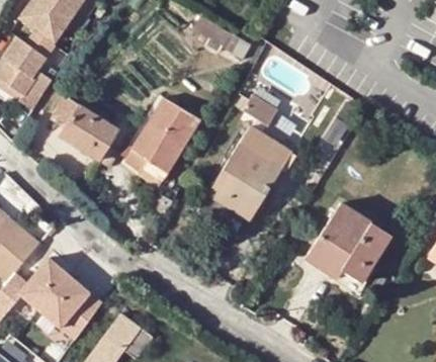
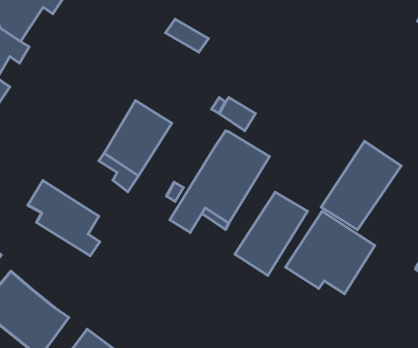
building: [51,96,118,167] -> [28,181,100,256]
building: none -> [321,141,401,230]
building: none -> [235,192,308,275]

